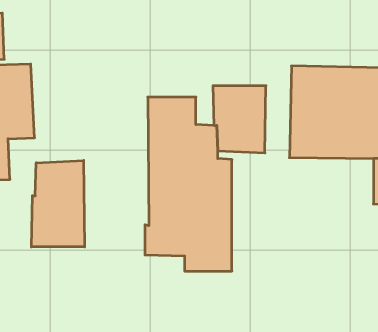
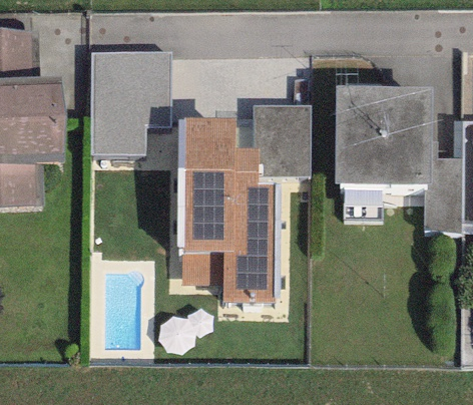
building: none -> [90,52,170,154]
building: [31,160,85,247] -> none

